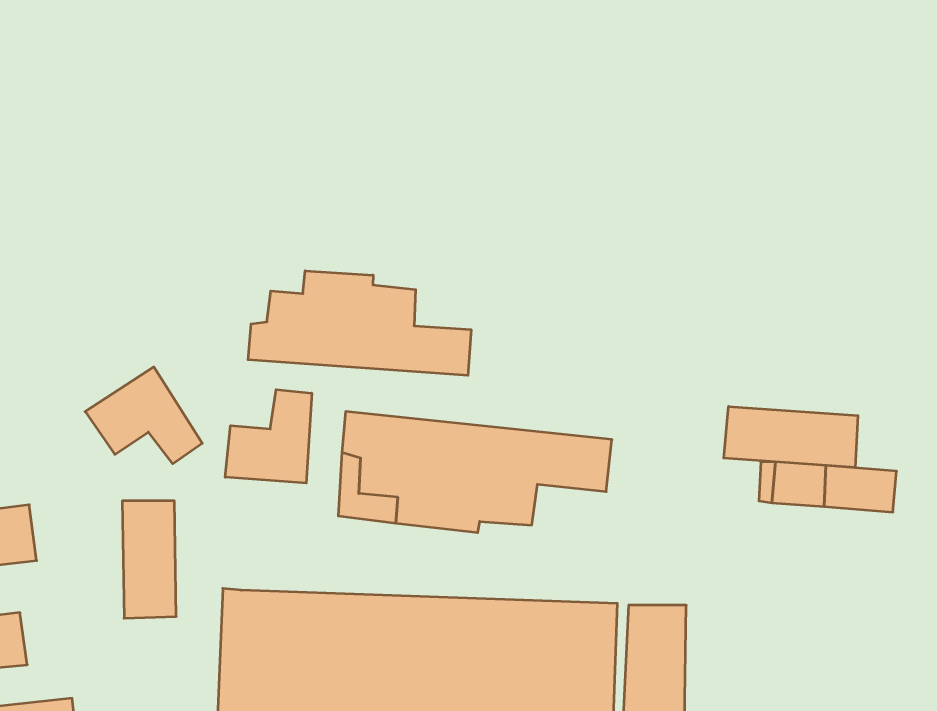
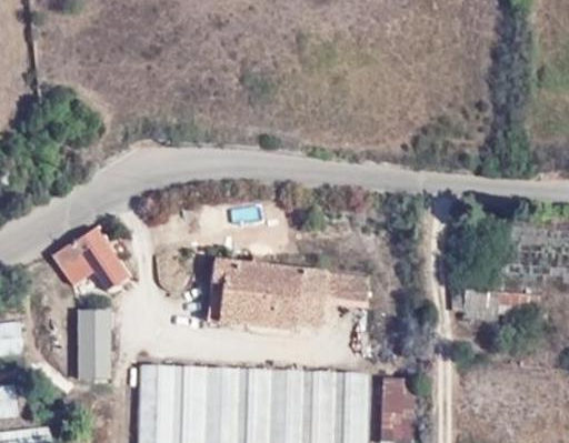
building: [248,271,471,375] -> none
building: [225,390,312,483] -> none
building: [724,406,858,468] -> none

